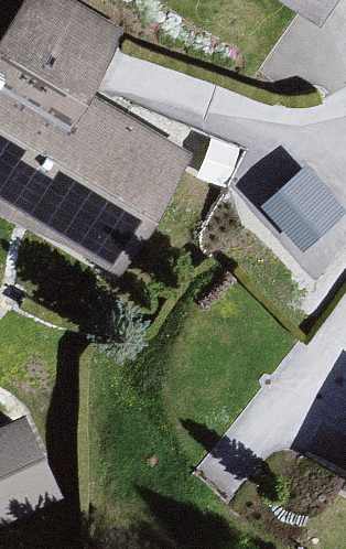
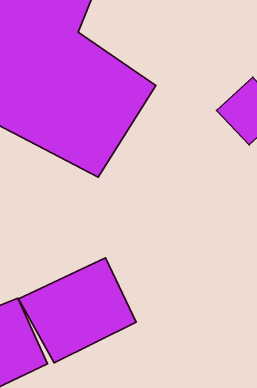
building: none -> [19,258,136,363]

